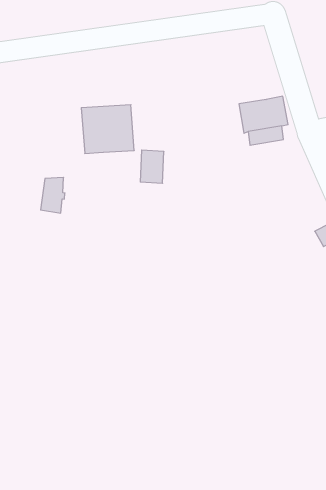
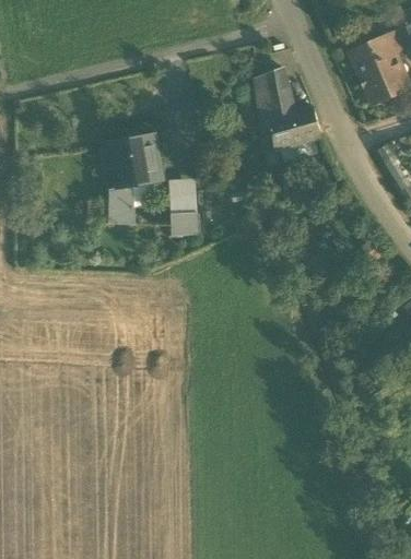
building: none -> [258,68,296,153]
building: [41,177,65,213] -> [108,187,132,225]
building: none -> [171,213,198,237]

